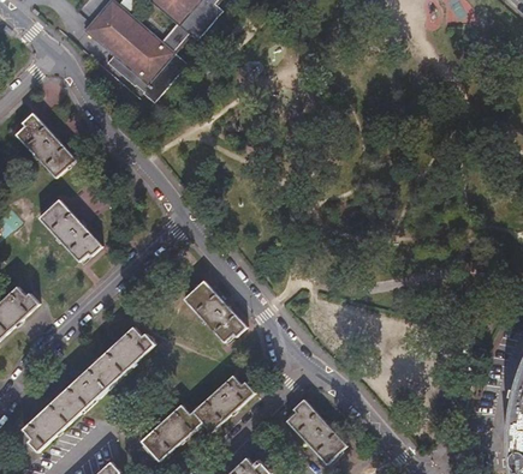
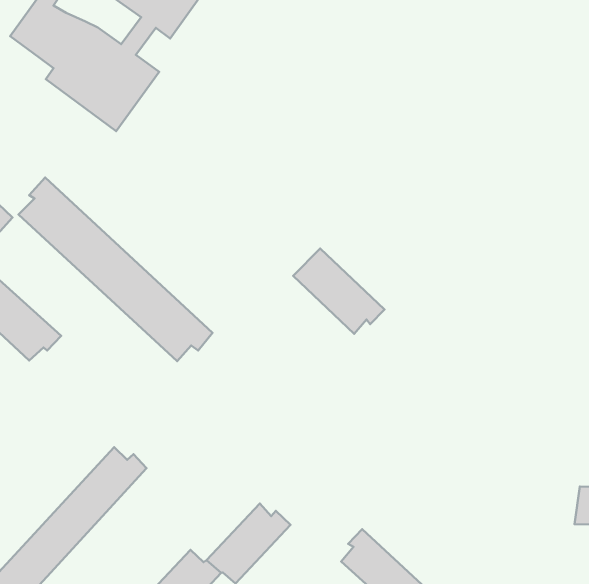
building: none -> [19,177,212,361]
building: [184,280,246,342] -> [293,248,384,334]

